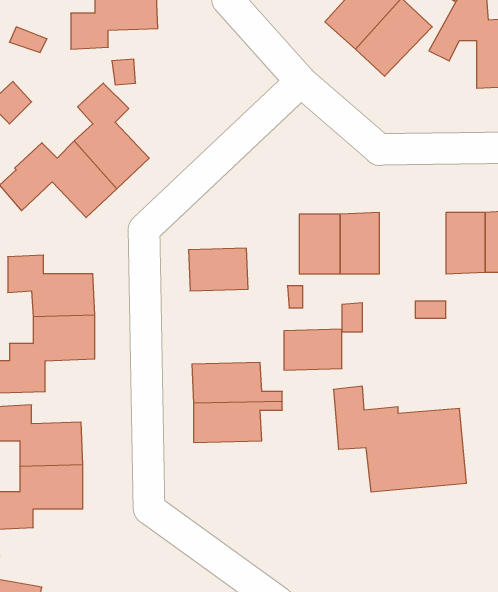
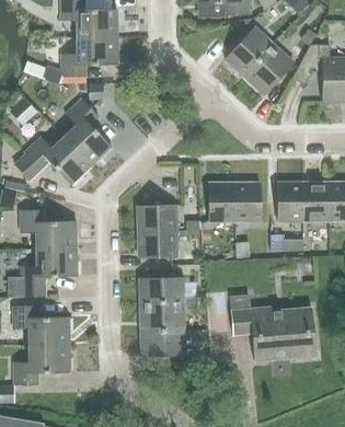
building: none -> [277,182,302,221]
building: [284,329,342,370] -> [138,231,175,257]
building: none -> [140,328,184,355]

